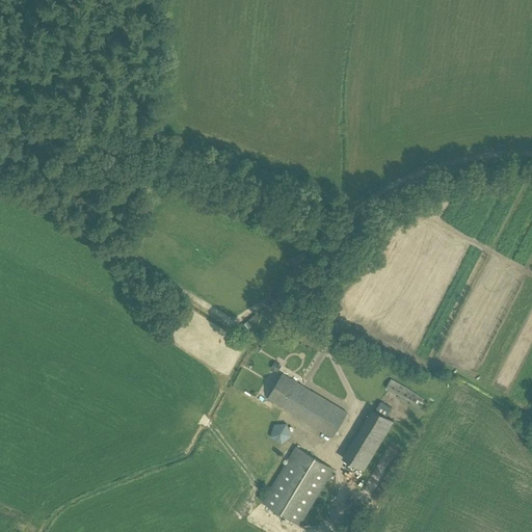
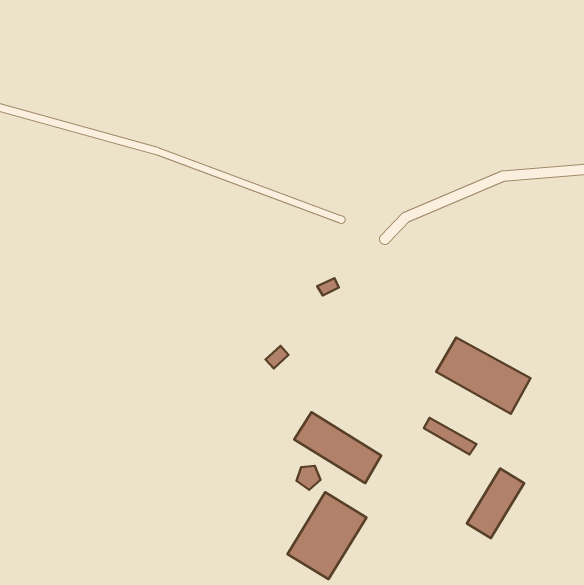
building: none -> [436,338,530,414]
building: [341,408,393,472] -> [467,468,524,538]

